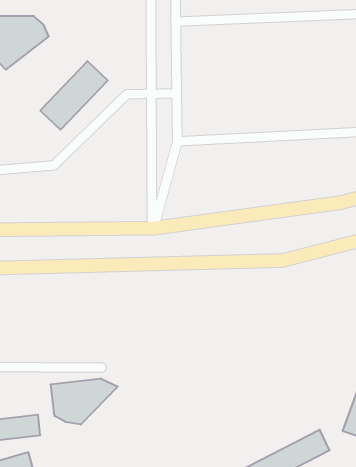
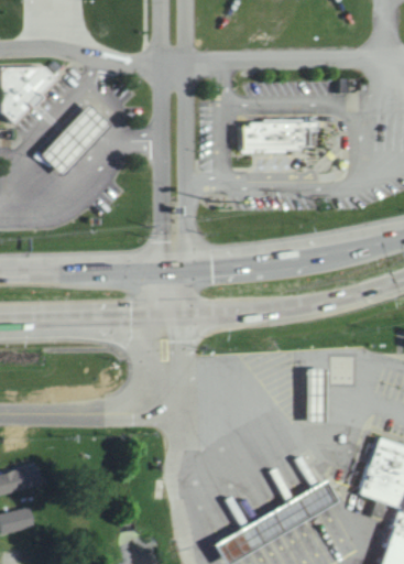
building: none -> [231,119,301,144]
building: [51,378,118,425] -> none

